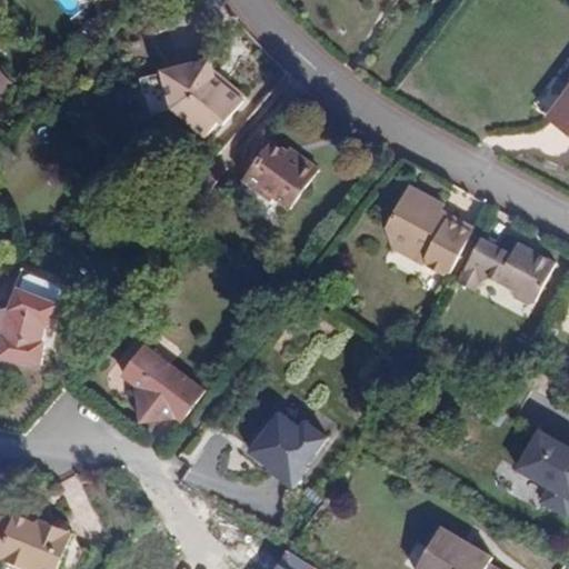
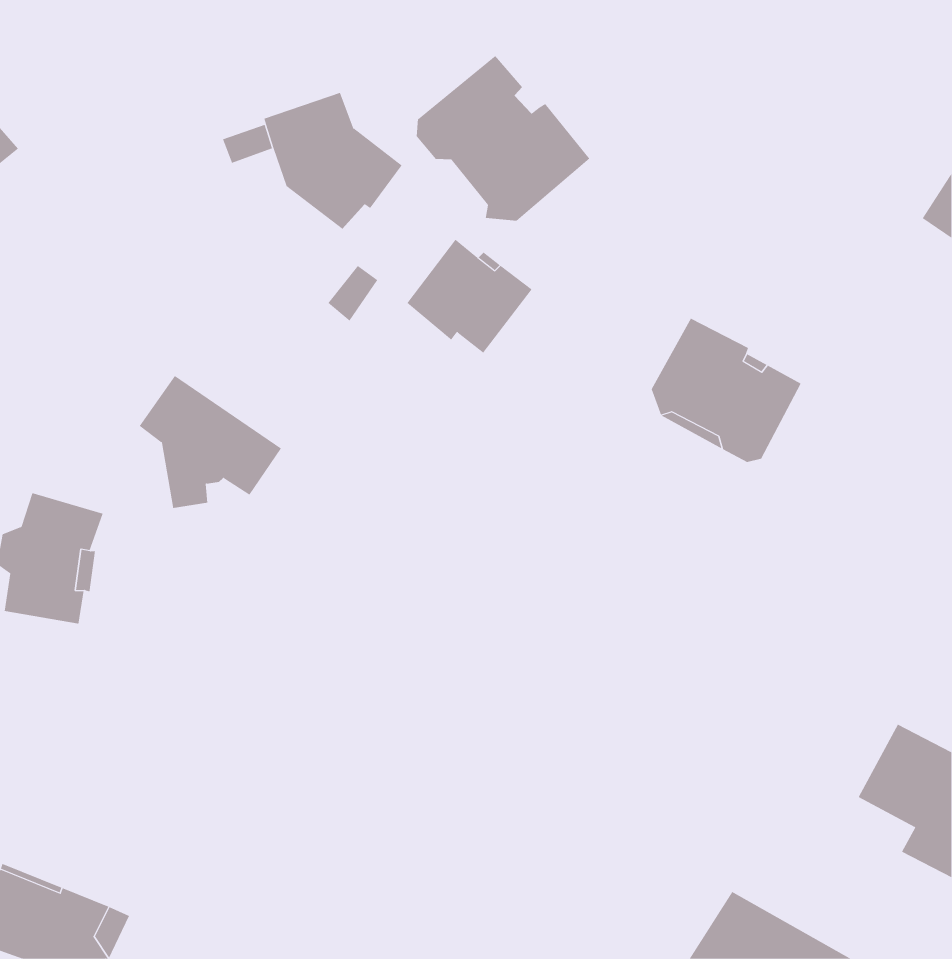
building: none -> [416,55,590,222]
building: [459,237,558,301] -> none
building: [123,345,208,423] -> [139,375,282,509]
building: [236,396,328,489] -> none

